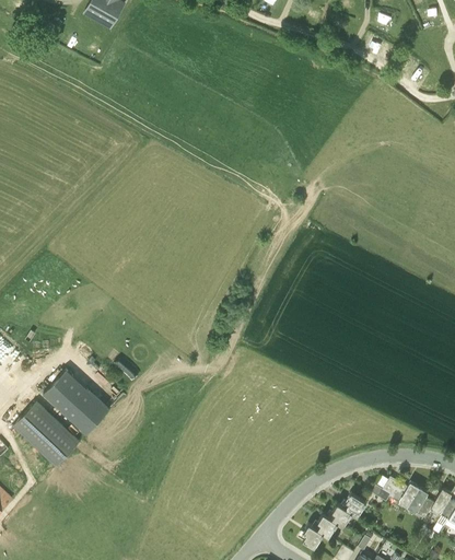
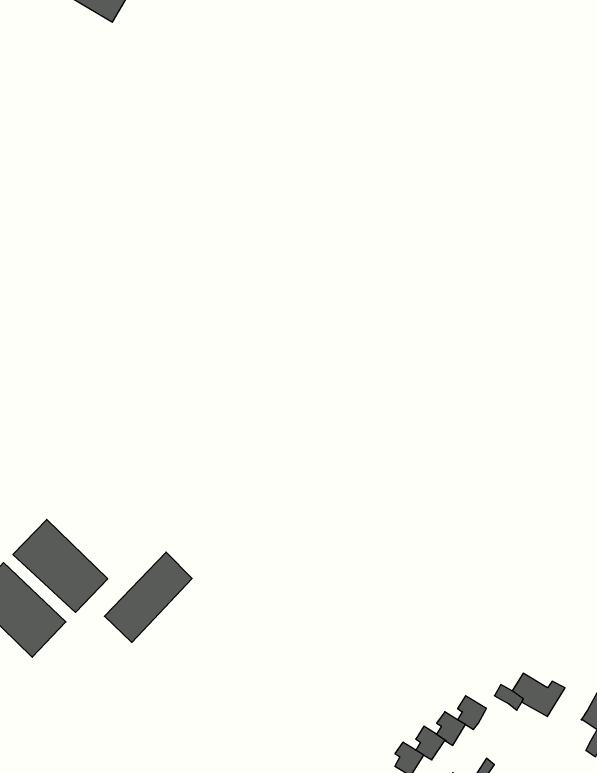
building: none -> [104,552,192,642]
building: [406,487,433,518] -> none

